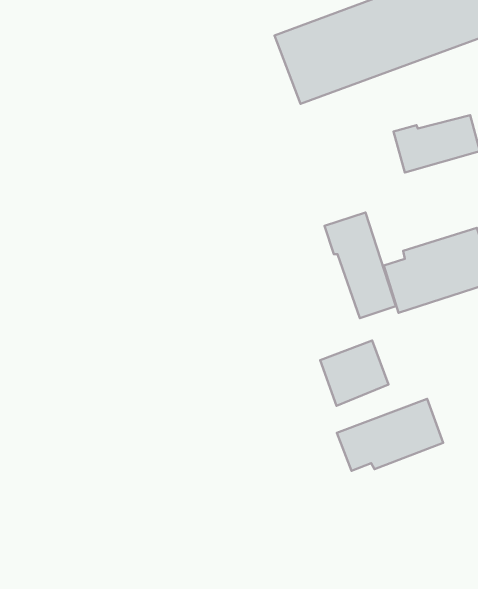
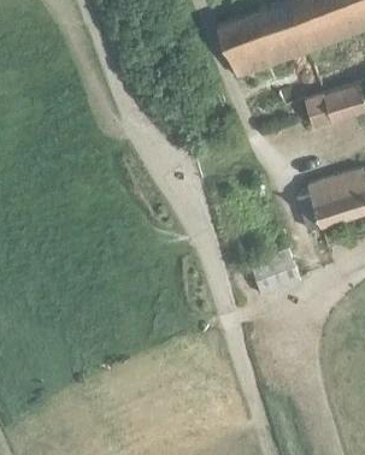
building: [325,212,396,318] -> none
building: [337,399,443,471] -> none

